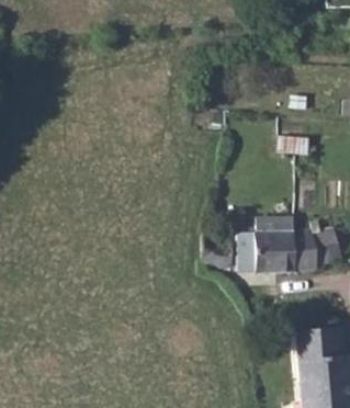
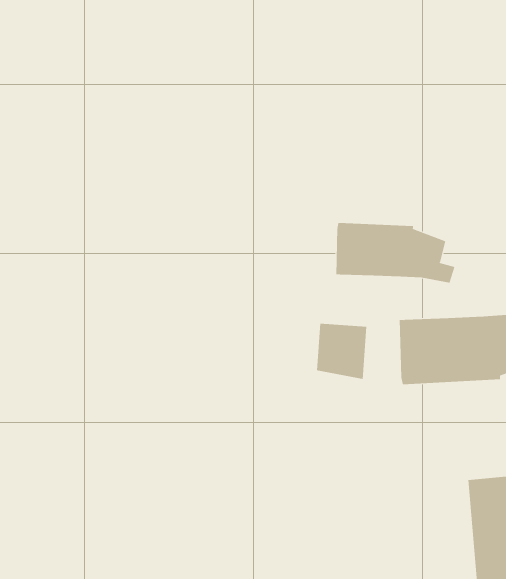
building: none -> [336,222,455,284]

